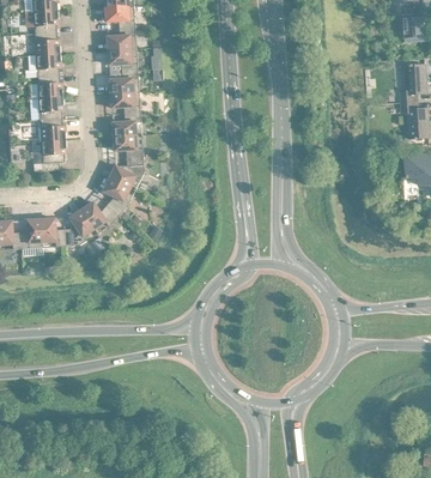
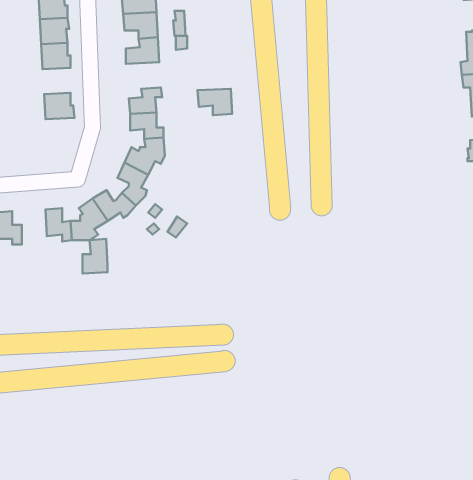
building: [110,91,140,114] -> [198,89,232,115]
building: [38,96,63,119] -> none
building: [41,139,66,170] -> none
building: [20,218,42,248] -> [83,239,108,274]

